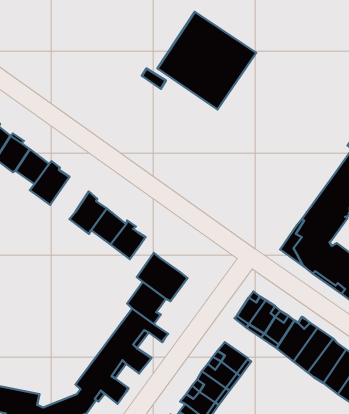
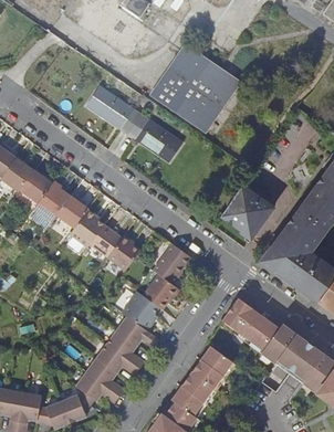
building: none -> [87,86,184,161]
building: none -> [223,186,271,239]
building: none -> [55,194,86,226]
building: none -> [152,243,190,282]

